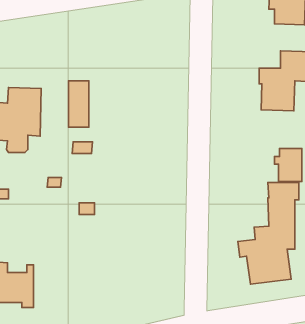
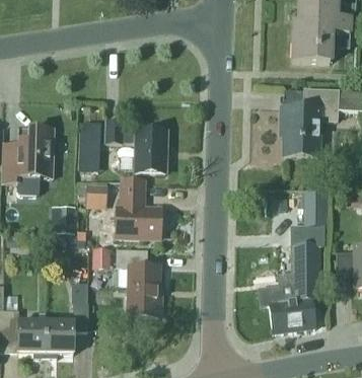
building: none -> [105,120,166,172]
building: none -> [117,179,160,238]
building: none -> [117,248,162,315]
building: none -> [46,303,88,357]

